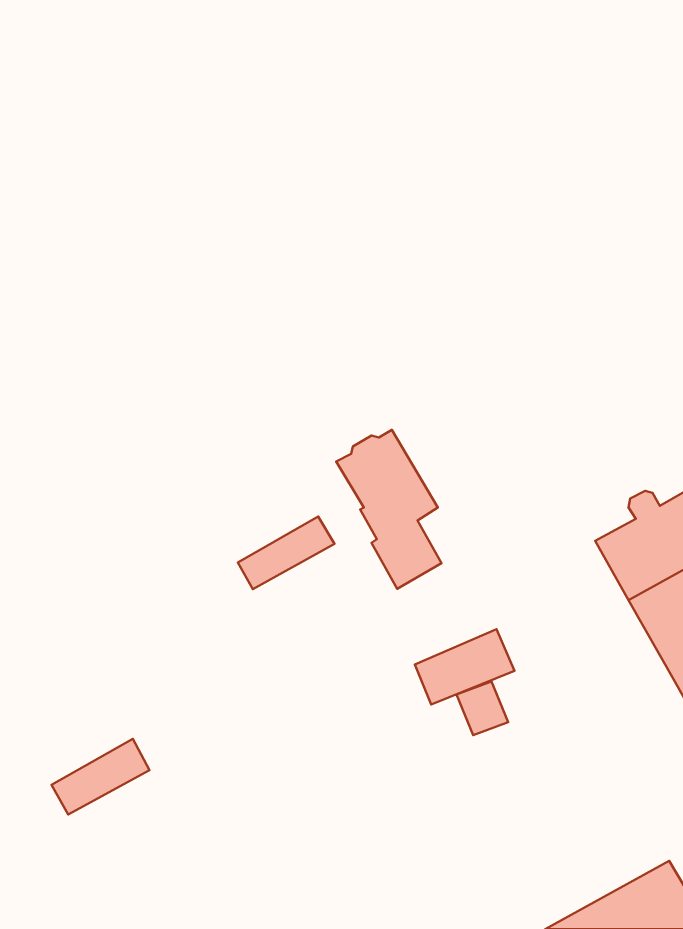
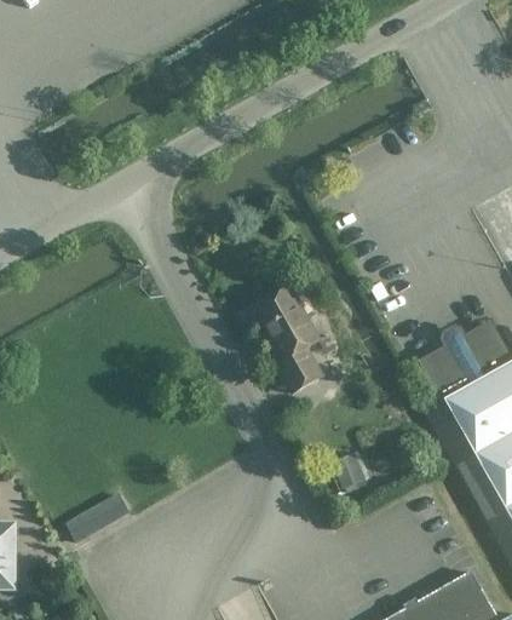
building: [238,516,334,589] -> none
building: [415,629,515,705] -> none

